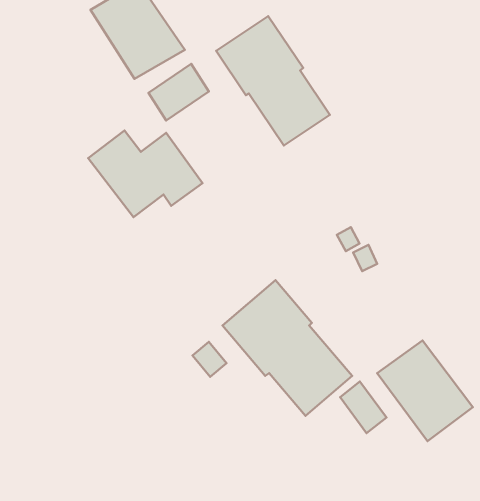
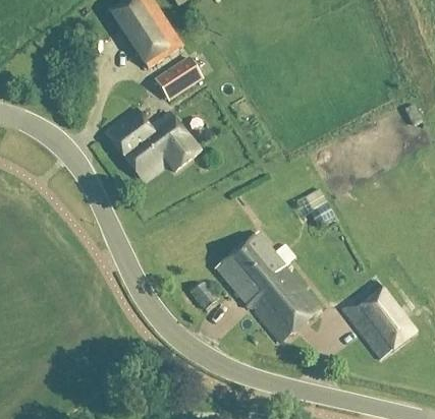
building: [216,16,330,145] -> none
building: [340,382,386,433] -> none

